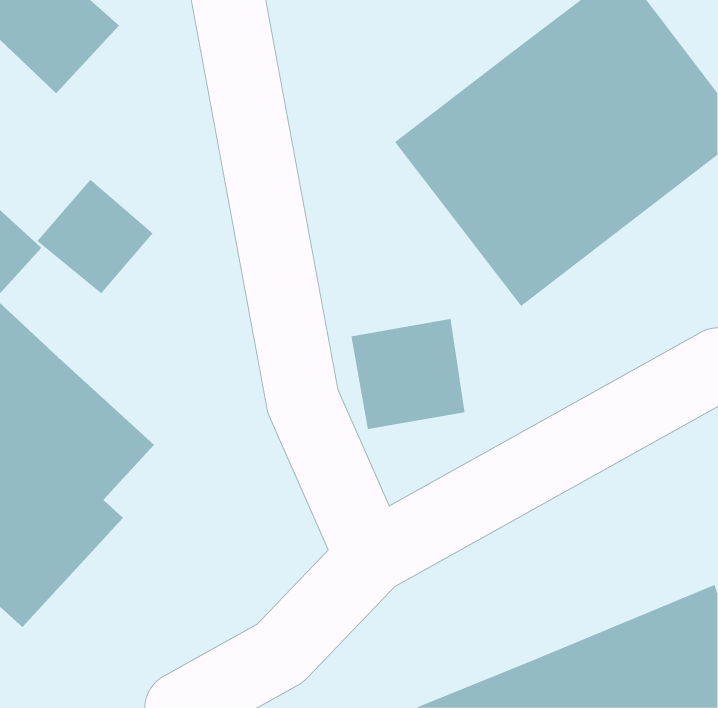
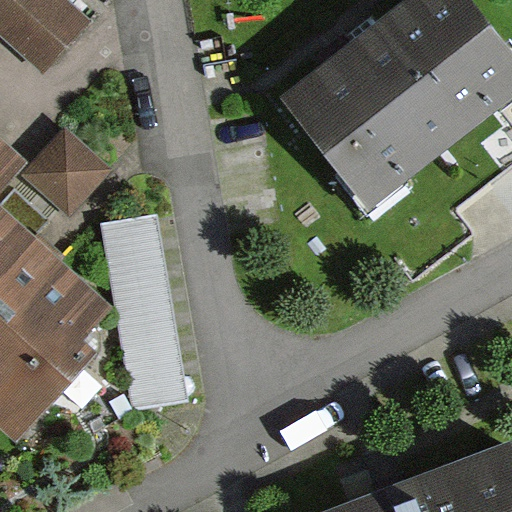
building: none -> [102,214,190,401]
building: [351,318,465,430] -> none

